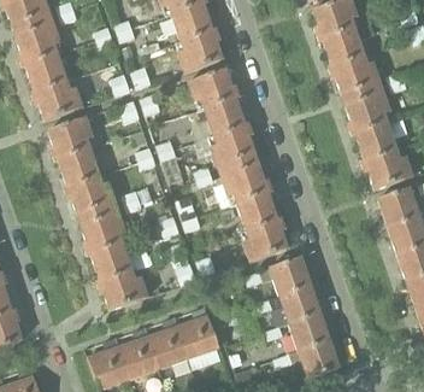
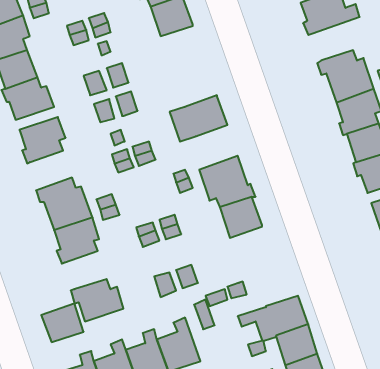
building: [323,22,373,64] -> none
building: [177,29,220,72] -> none
building: [188,69,237,107] -> none
building: [210,123,253,166] -> none
building: [58,148,98,185] -> none
building: [242,217,285,261] -> none
building: [90,242,130,279] -> [41,303,84,342]
building: [270,257,310,294] -> none

